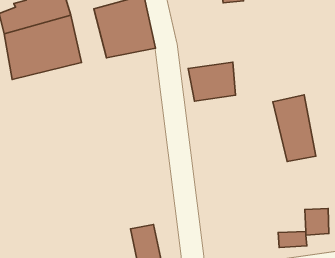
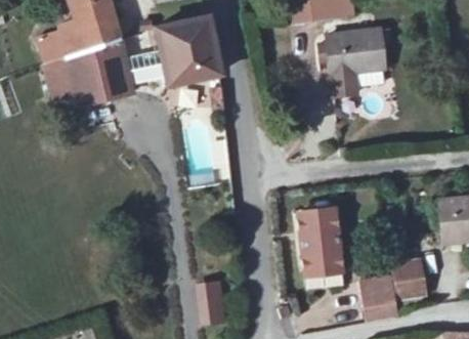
building: [188,62,235,101] -> [334,31,388,76]
building: [273,95,316,162] -> [299,200,348,277]

